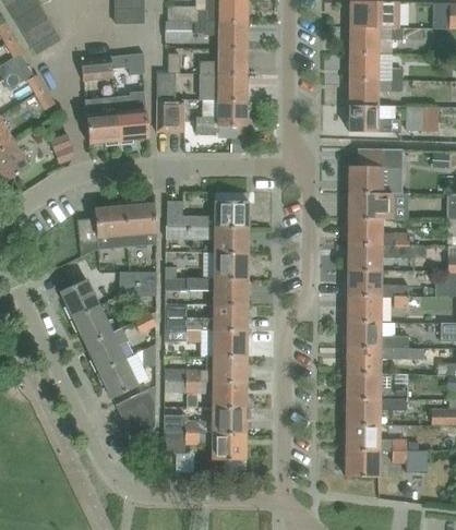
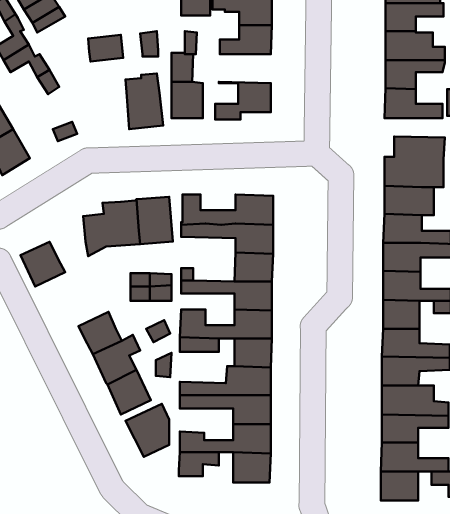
building: [199,73,245,99] -> none
building: [84,96,118,143] -> none
building: [59,278,99,318] -> [21,242,65,287]

